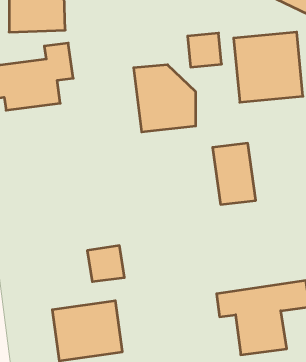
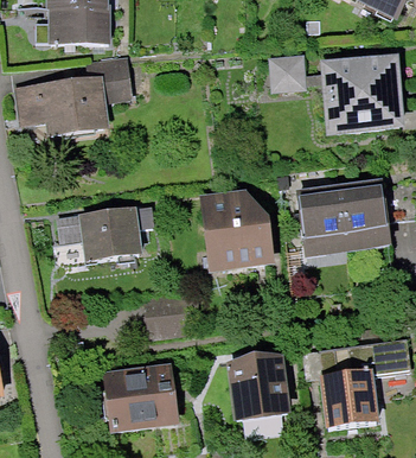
building: [134,65,196,132] -> [203,193,276,273]
building: none -> [331,168,384,243]
building: none -> [53,208,146,263]
building: none -> [223,355,293,427]

